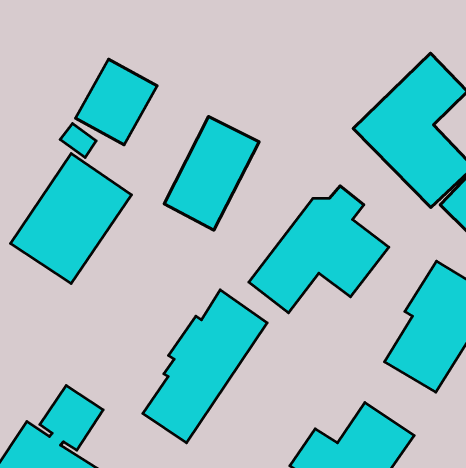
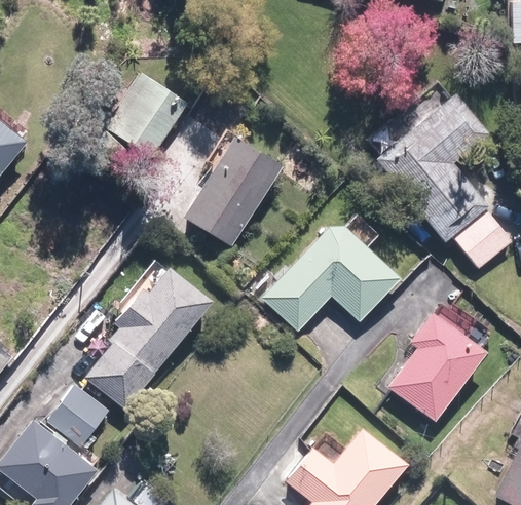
building: [11,154,131,283] -> none
building: [143,290,267,443] -> [85,264,214,410]

